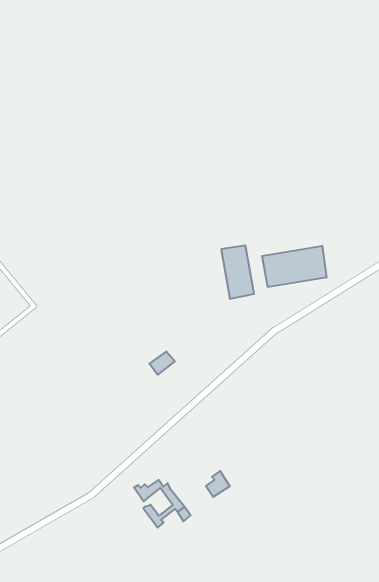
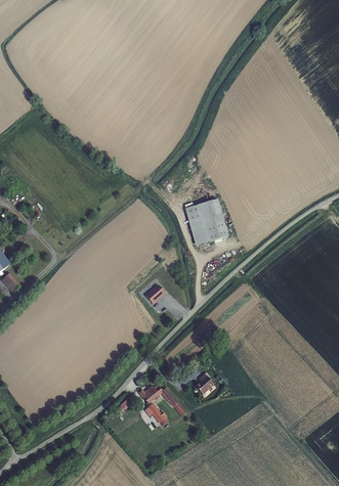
building: [262,246,327,287] -> none

